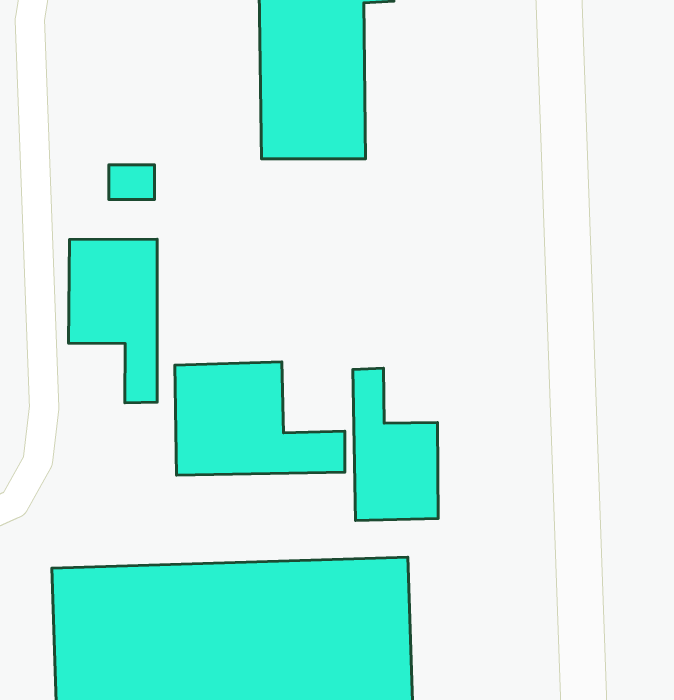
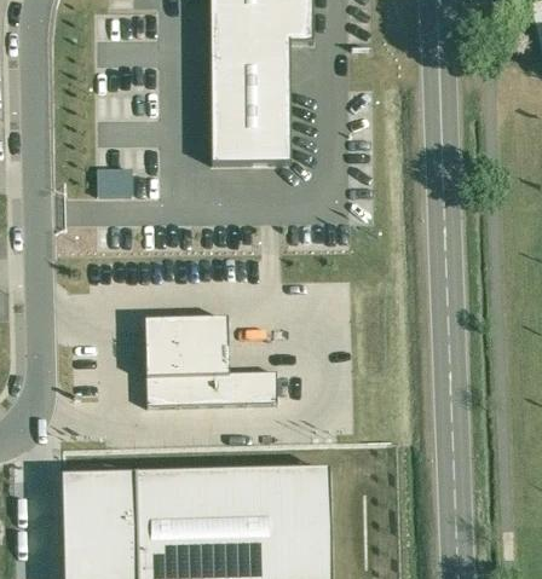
building: [69,239,157,403] -> none
building: [353,368,438,520] -> none

